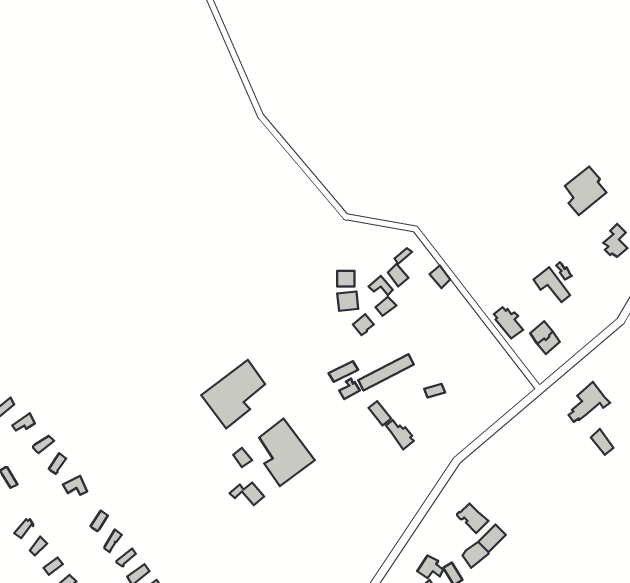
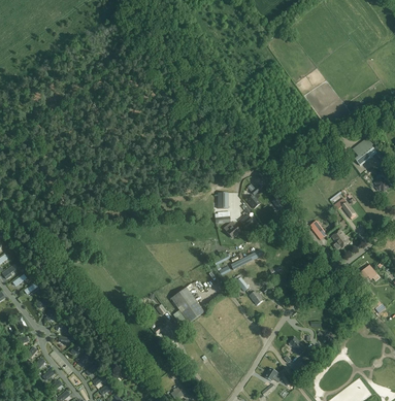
building: [201,360,265,428] -> none

